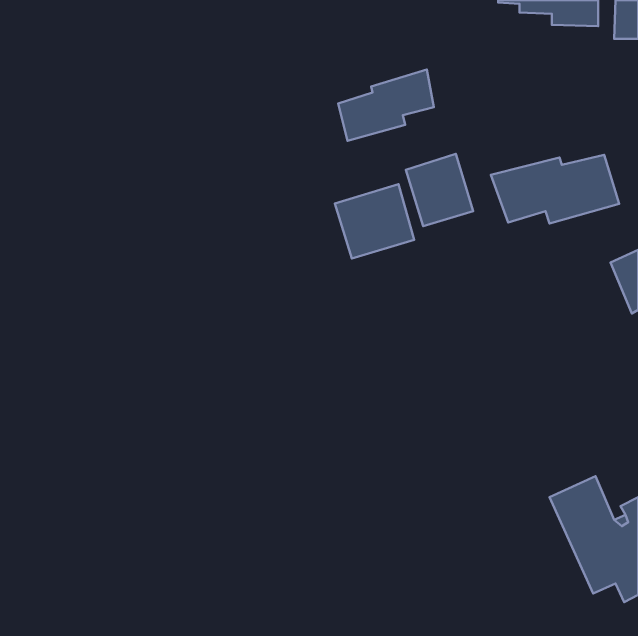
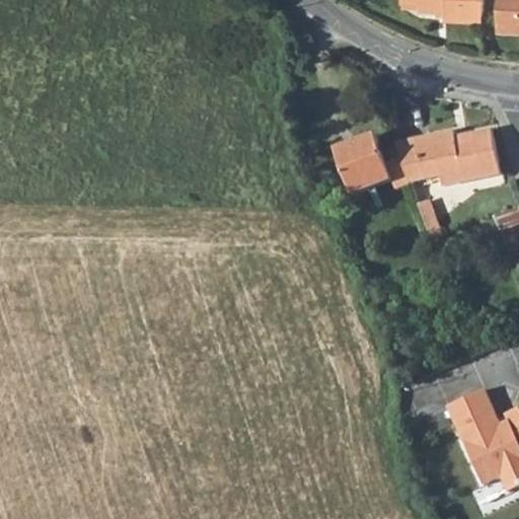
building: [338,70,434,141] -> none
building: [335,184,414,259] -> none

